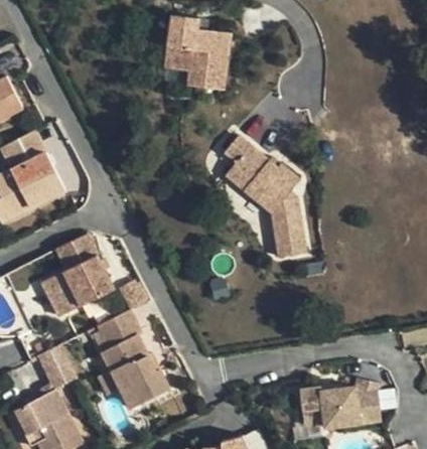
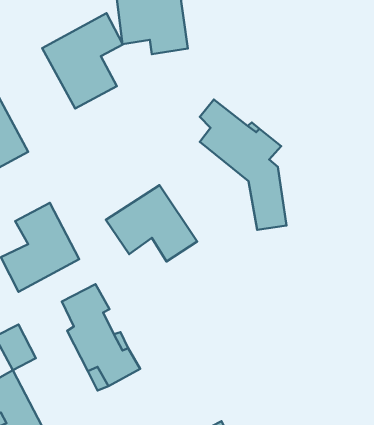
building: none -> [42,13,123,108]
building: none -> [106,185,197,262]
building: [302,387,383,427] -> none

